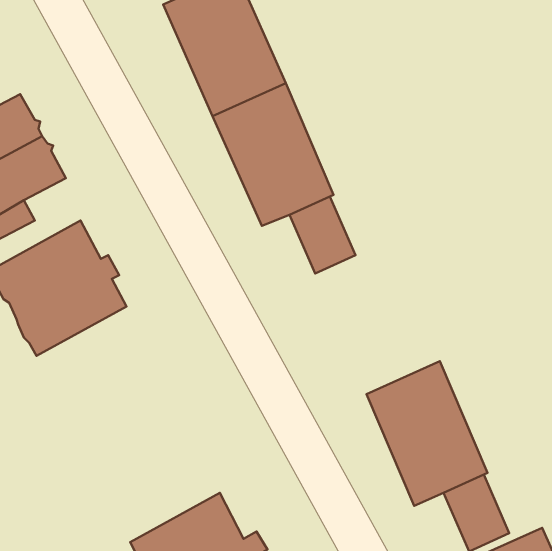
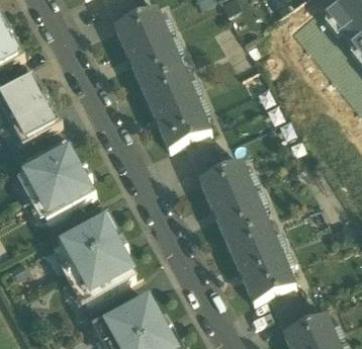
building: none -> [198,158,266,238]
building: none -> [56,210,132,298]

